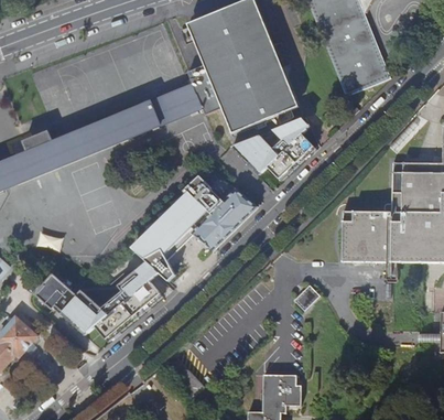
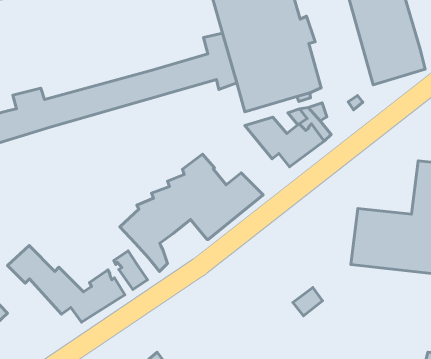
building: [118,261,159,309] -> none

